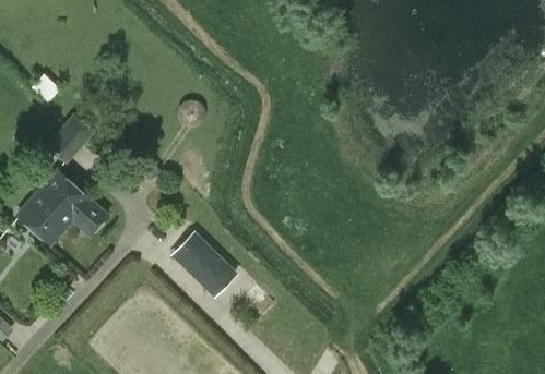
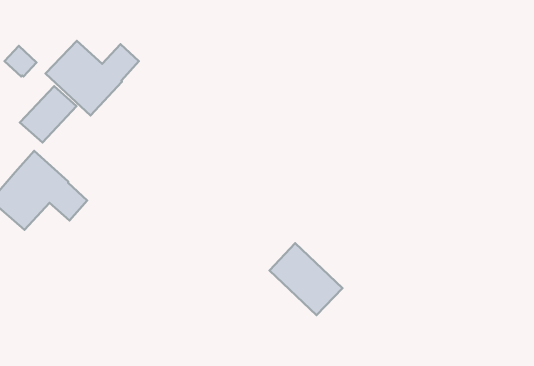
building: none -> [45,41,139,116]
building: [170,231,238,298] -> [269,243,342,315]

